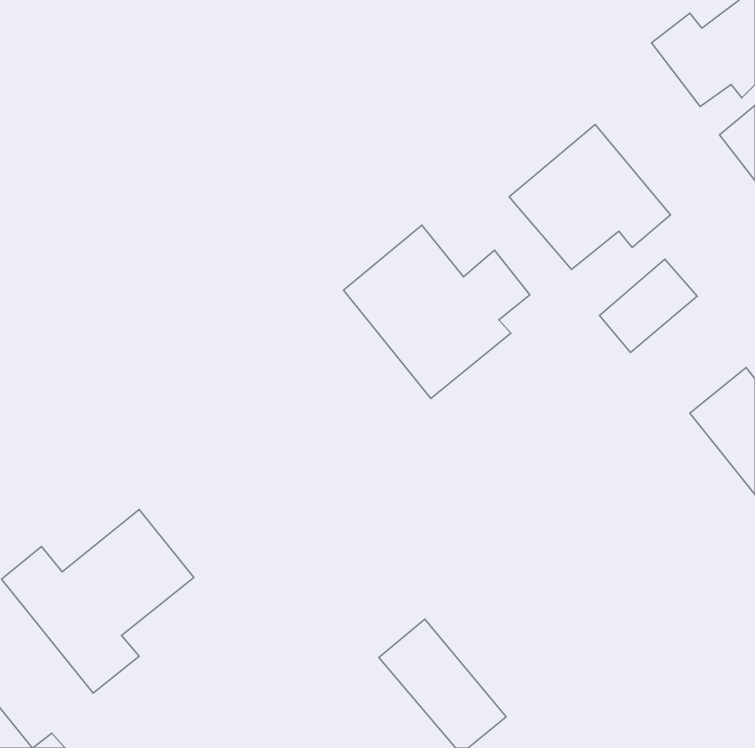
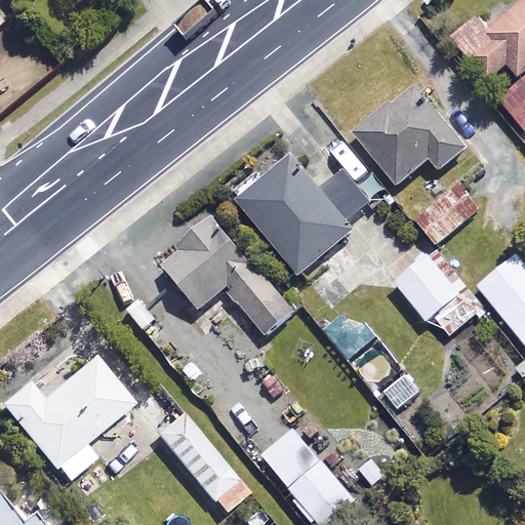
building: none -> [160,220,294,335]
building: none -> [396,256,457,320]
building: none -> [158,411,247,509]

